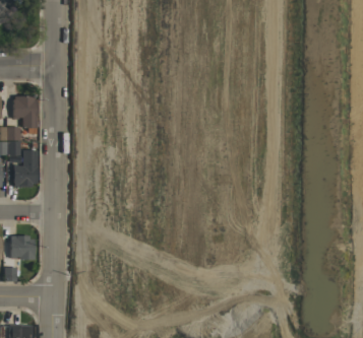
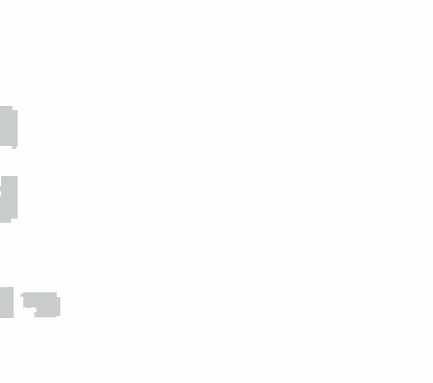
building: none -> [20,292,61,318]

